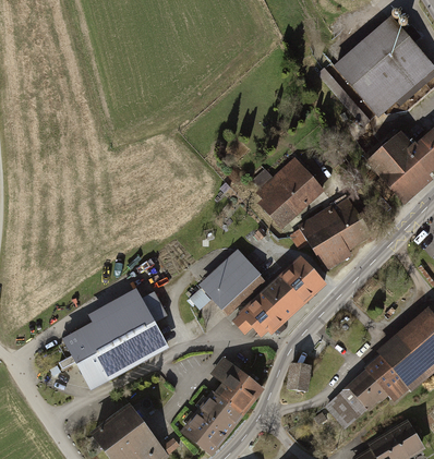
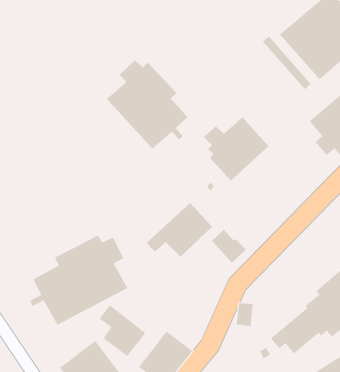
building: none -> [106,59,188,150]
building: [290,197,373,273] -> none
building: [274,258,322,304] -> none
building: [236,294,282,334] -> none
building: [208,359,261,416] -> [99,305,146,357]

